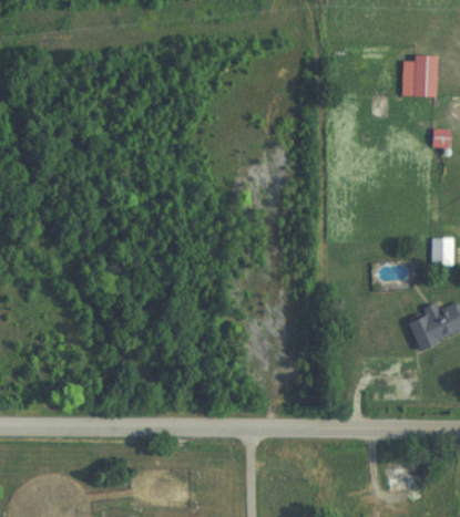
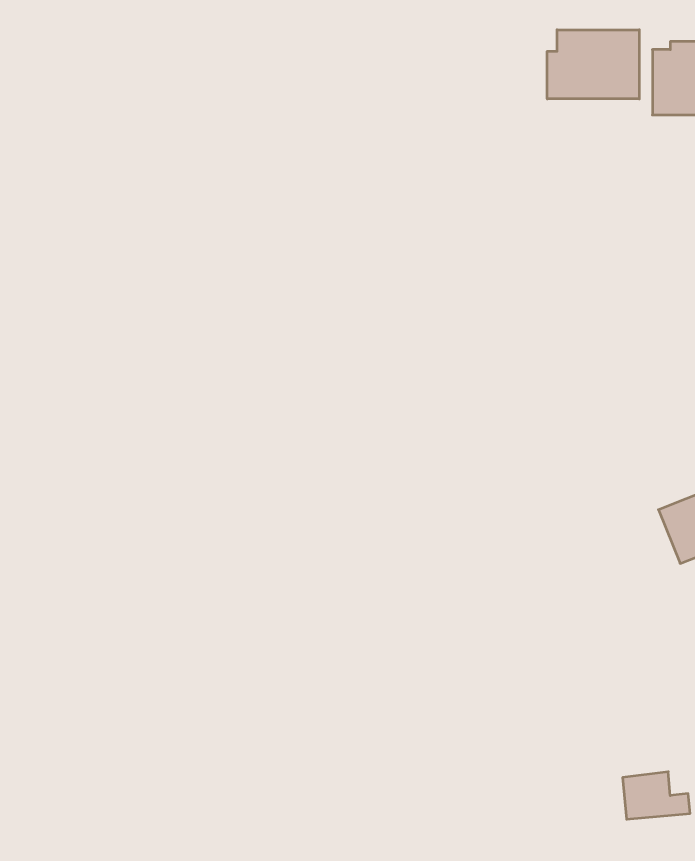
building: none -> [547,30,639,99]

